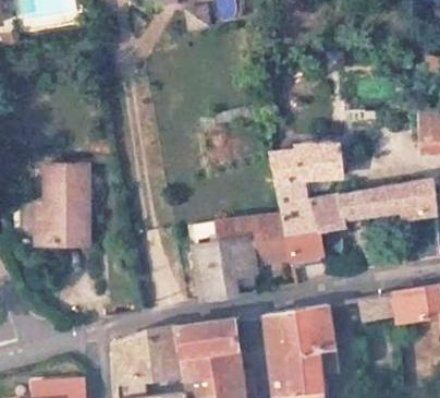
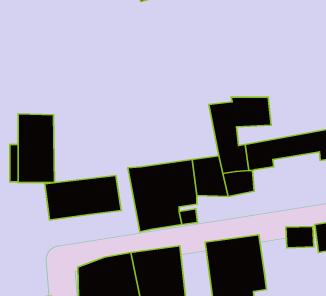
building: none -> [45,175,121,220]

